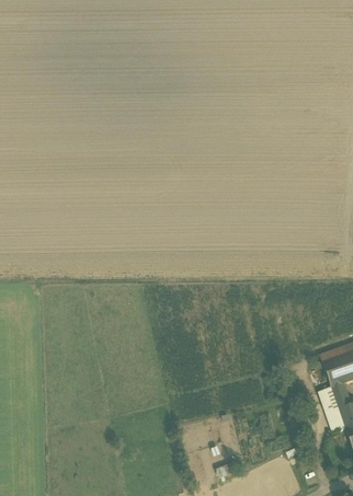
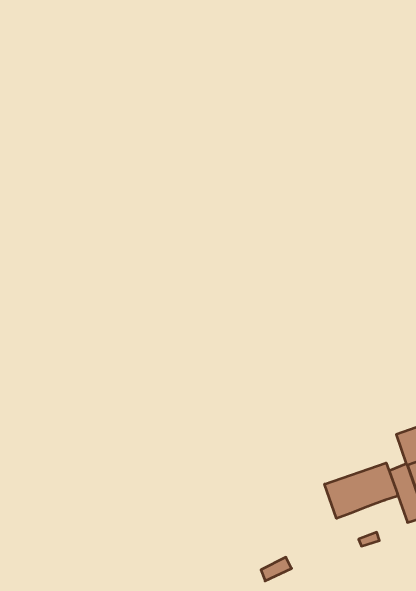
building: none -> [325,463,397,518]

